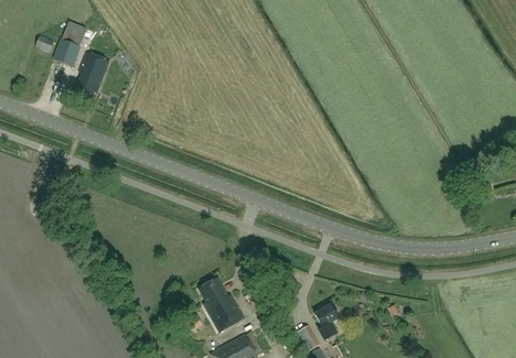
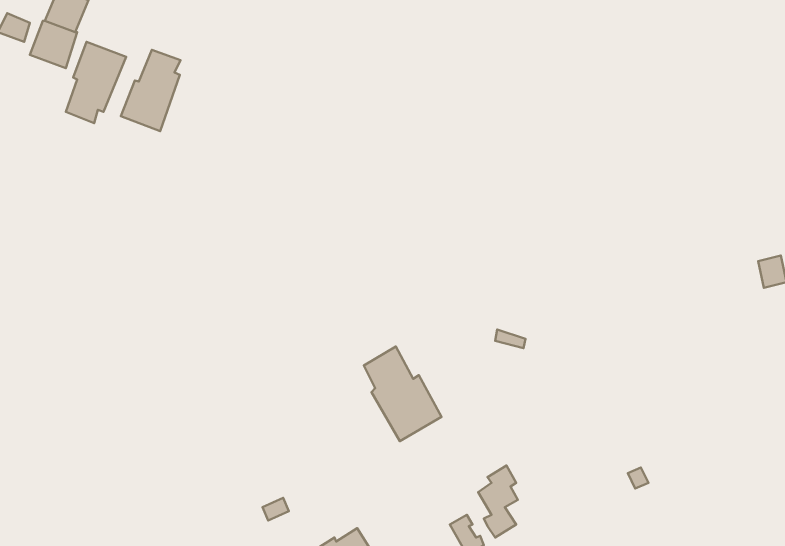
building: none -> [121,50,180,131]
building: [200,278,245,333] -> [364,347,441,441]

